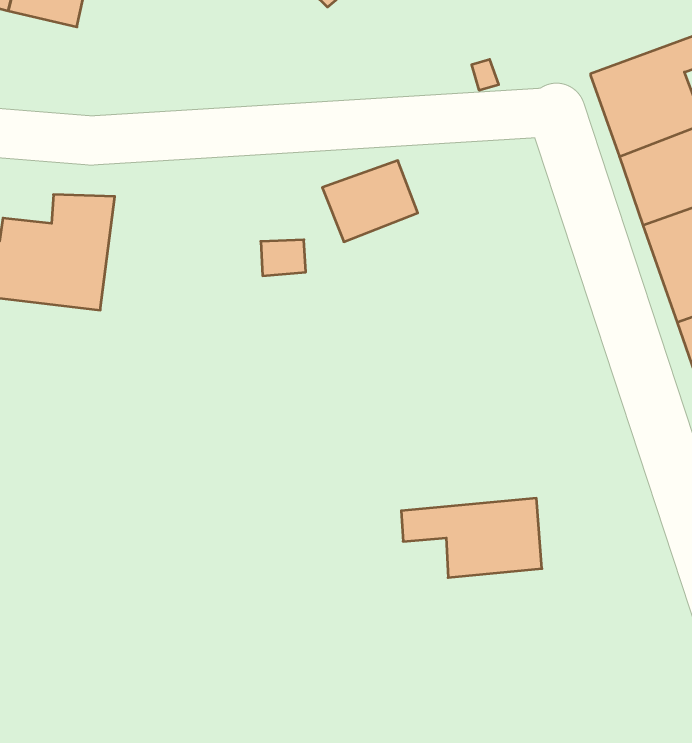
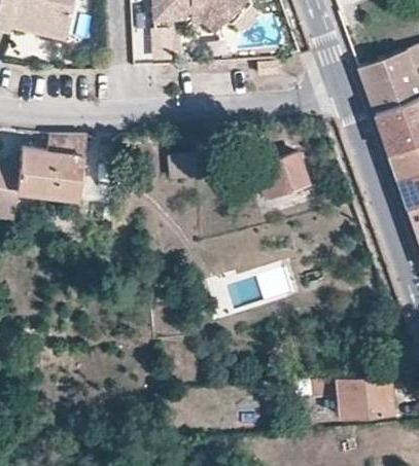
building: [322,161,418,242] -> [254,155,309,202]
building: [401,498,542,578] -> [312,373,392,419]

